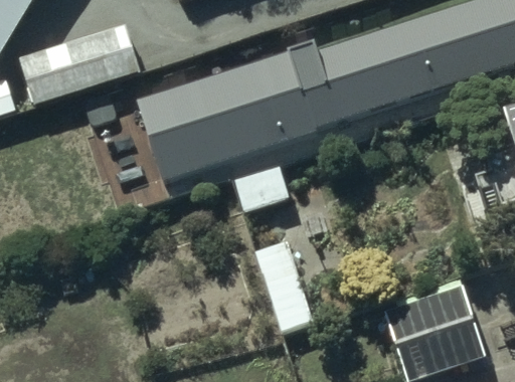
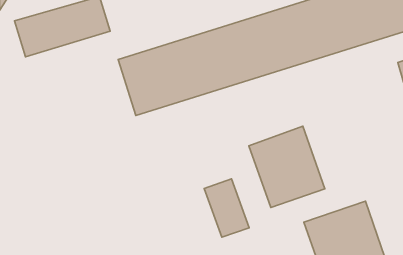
building: none -> [249,126,325,207]

